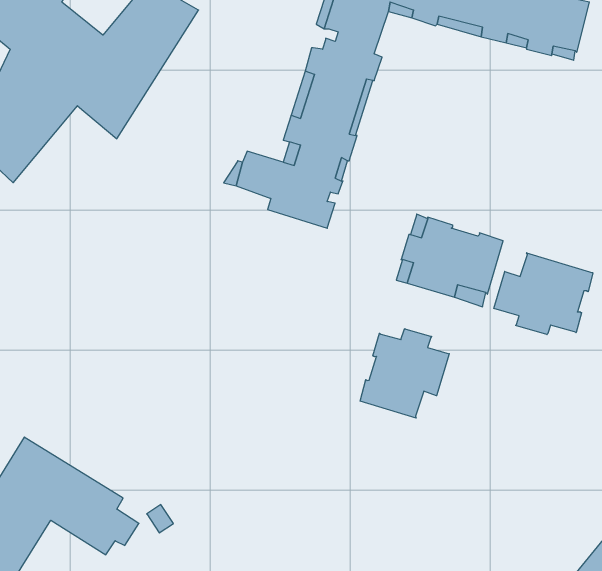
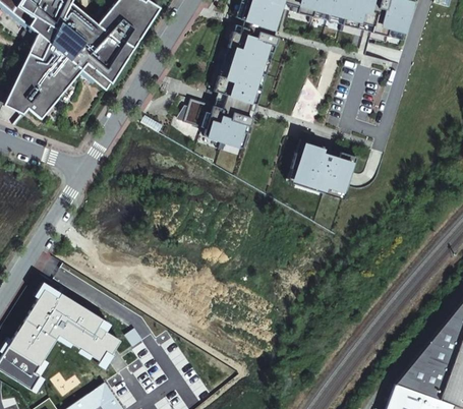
building: [494,253,593,335] -> none
building: [360,329,449,418] -> none

